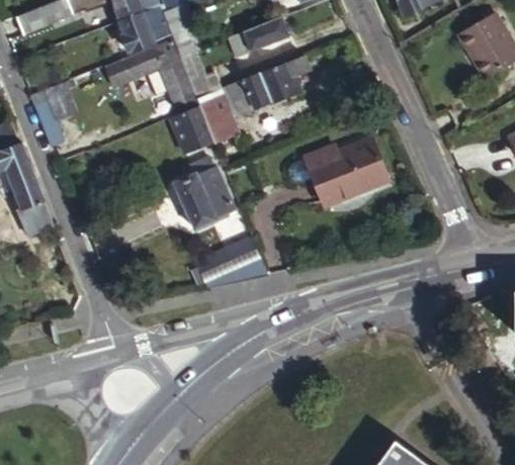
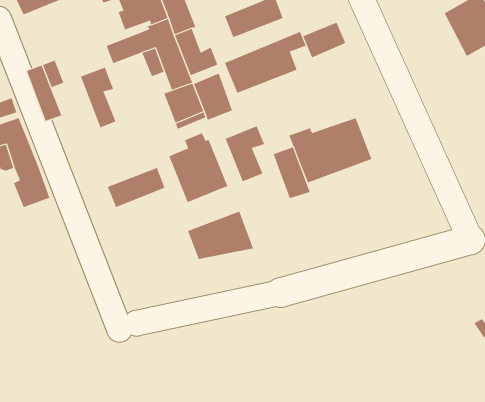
building: none -> [303,22,346,58]
building: none -> [80,67,116,128]
building: none -> [225,125,265,182]
building: none -> [273,146,310,199]
building: none -> [107,167,165,208]

